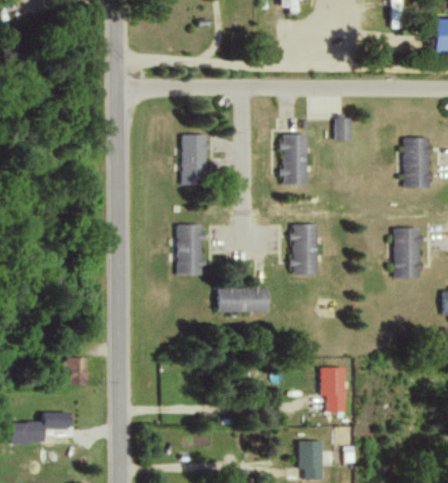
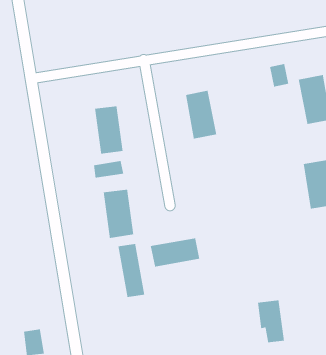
building: [333,117,351,141] -> [269,63,289,88]
building: none -> [93,160,124,178]
building: [291,224,317,275] -> none
building: none -> [118,243,145,298]

